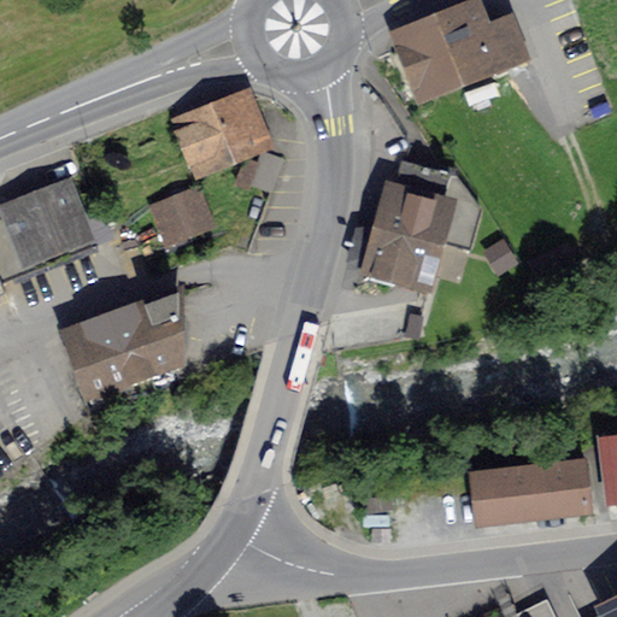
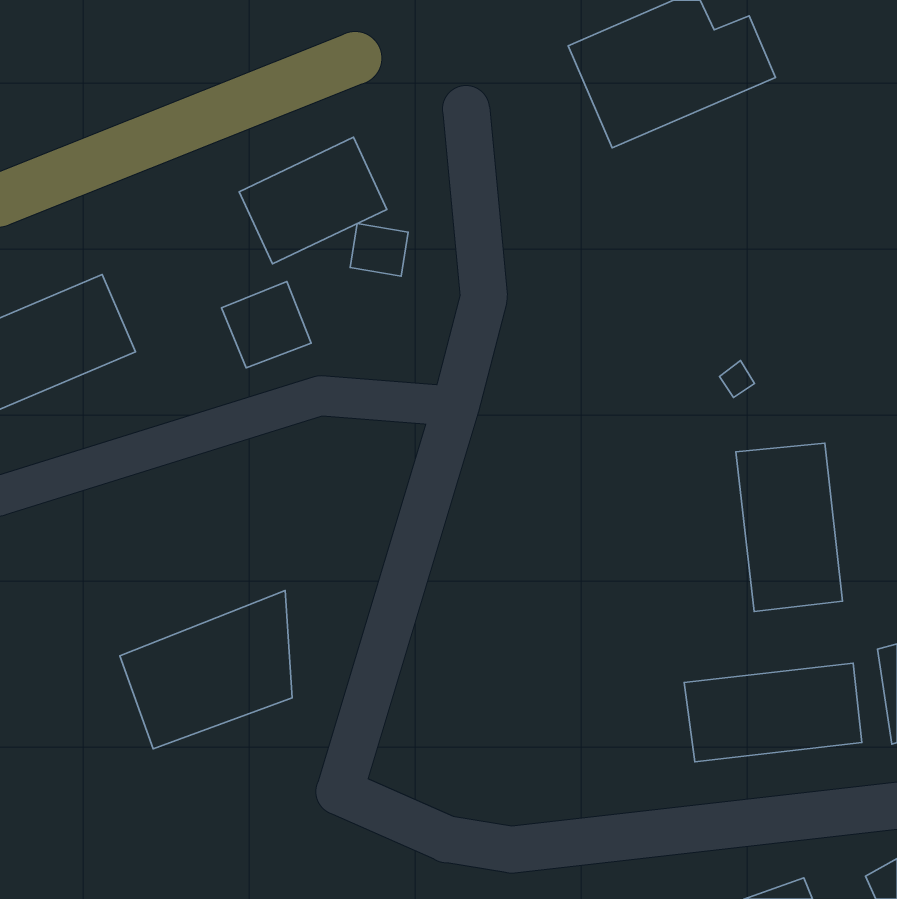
building: [370,163,480,288] -> none
building: [64,289,182,398] -> [120,591,292,749]
building: none -> [736,443,843,611]

